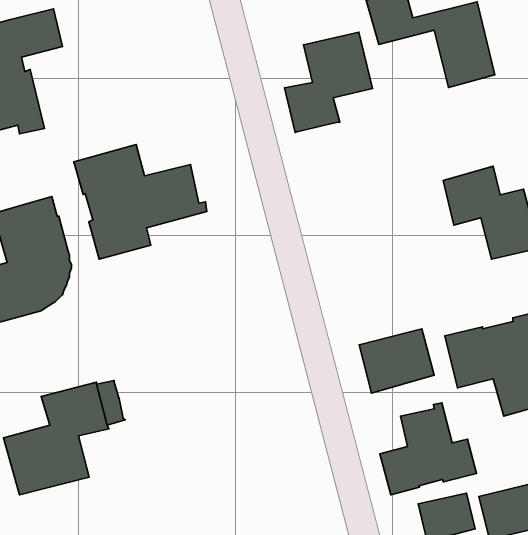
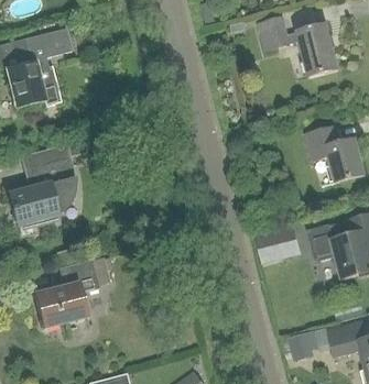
building: [284,32,373,133] -> none
building: [74,145,207,259] -> none
building: [380,403,476,495] -> none

